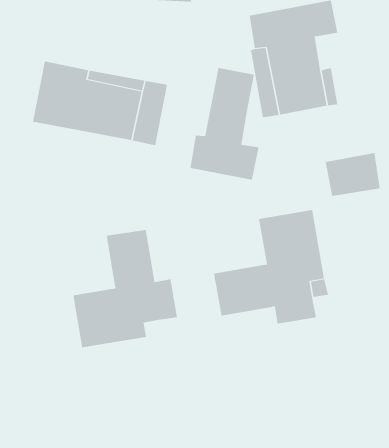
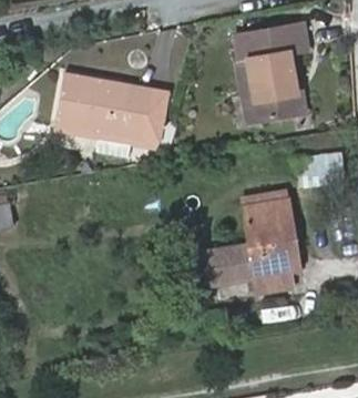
building: [190,67,259,181] -> none
building: [73,229,178,348] -> none

